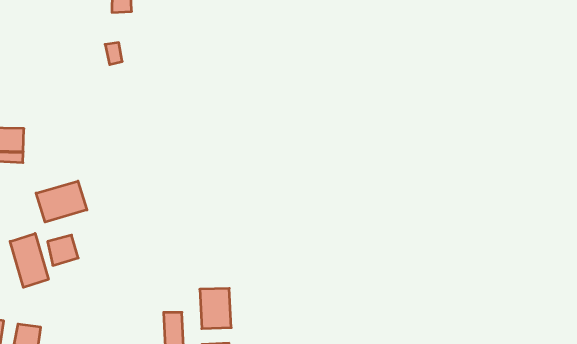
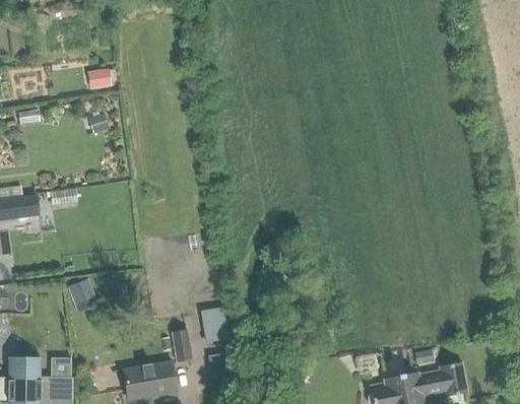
building: [36,181,87,222] -> none
building: [10,233,48,287] -> none

